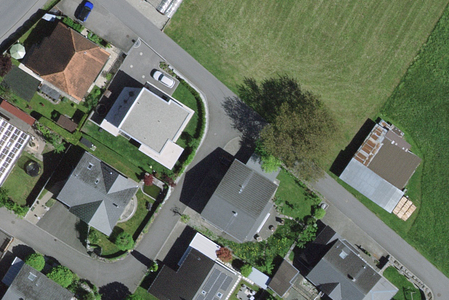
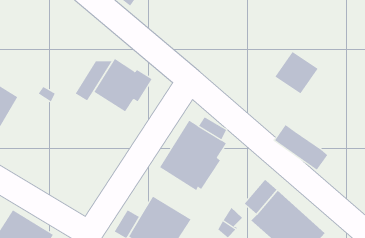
building: [21,21,115,107] -> none
building: [360,142,412,193] -> [274,51,318,94]
building: [57,152,139,235] -> none

